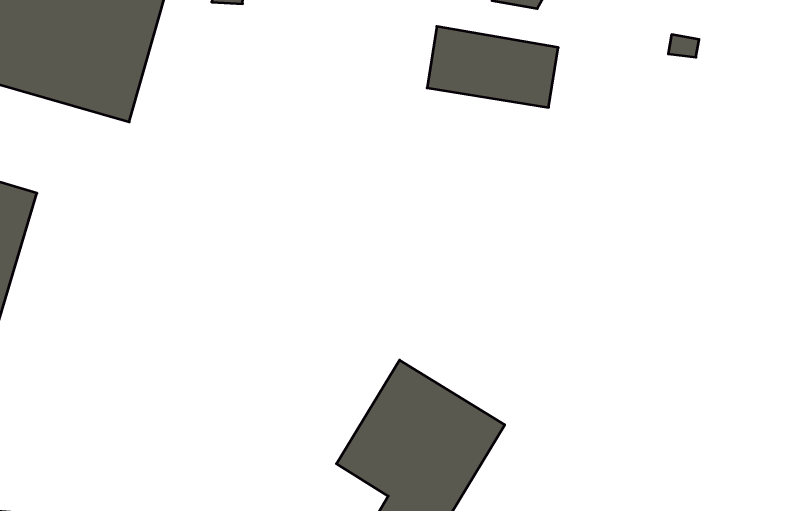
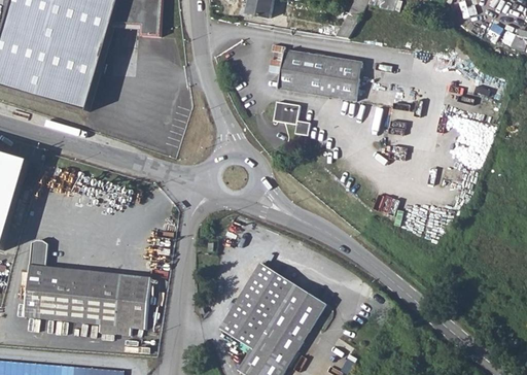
building: none -> [271,102,307,135]
building: none -> [23,239,149,335]

